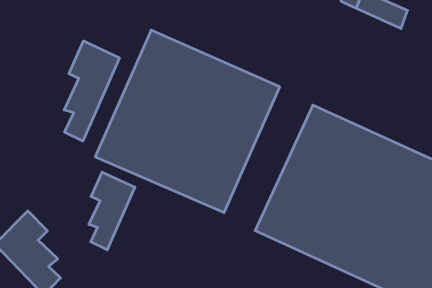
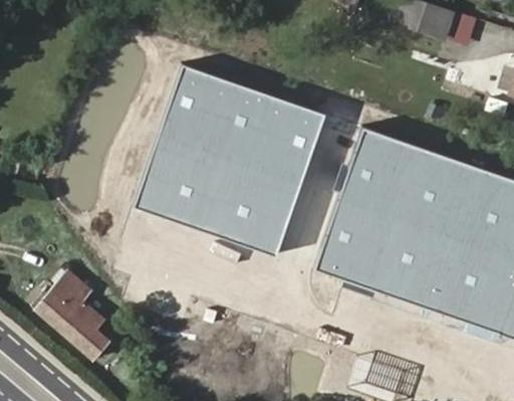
building: [64,41,119,141] -> none
building: [89,172,135,250] -> none

